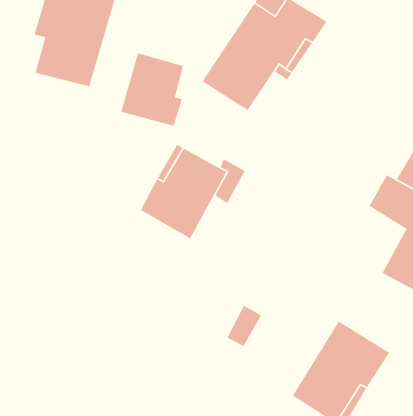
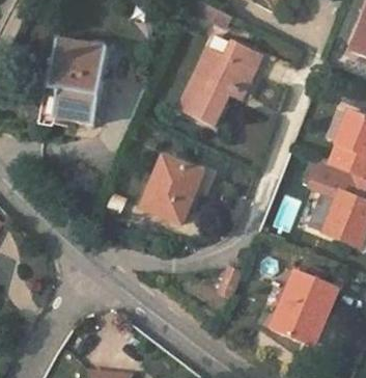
building: [120,52,184,127] -> none

